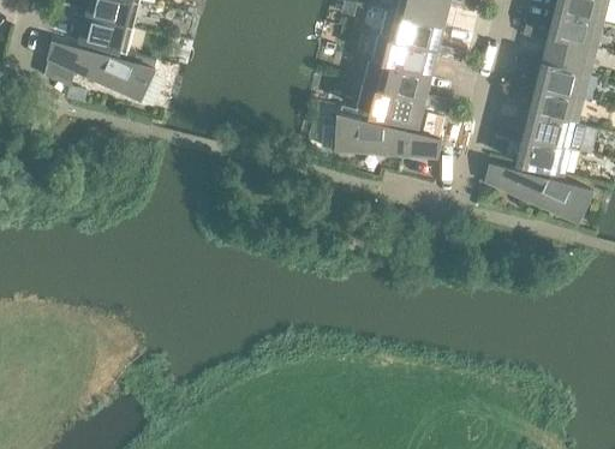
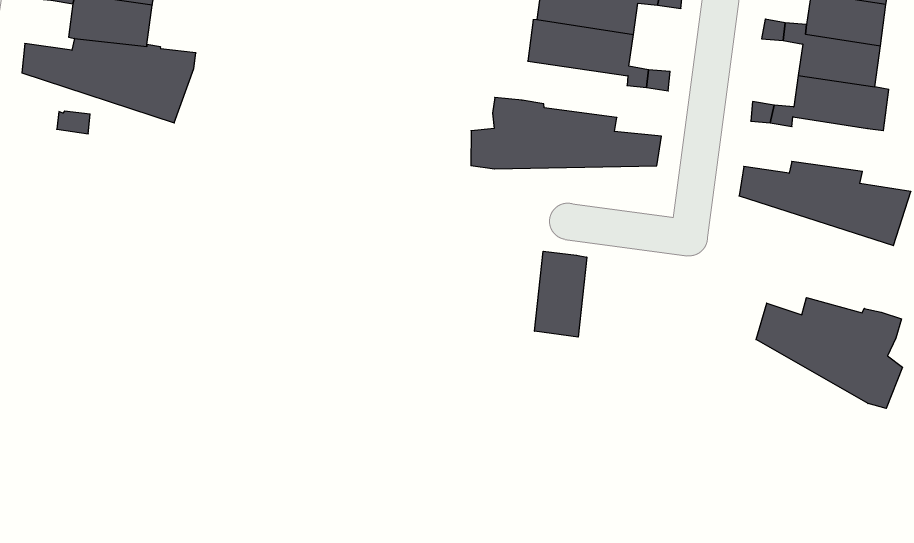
building: [357,85,424,127] -> none
building: [517,137,569,175] -> none
building: none -> [535,251,587,337]
building: none -> [756,298,902,408]

